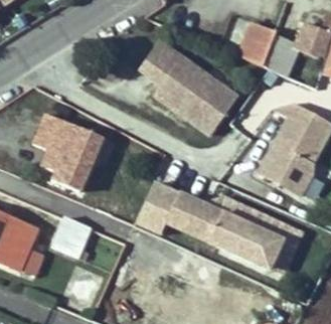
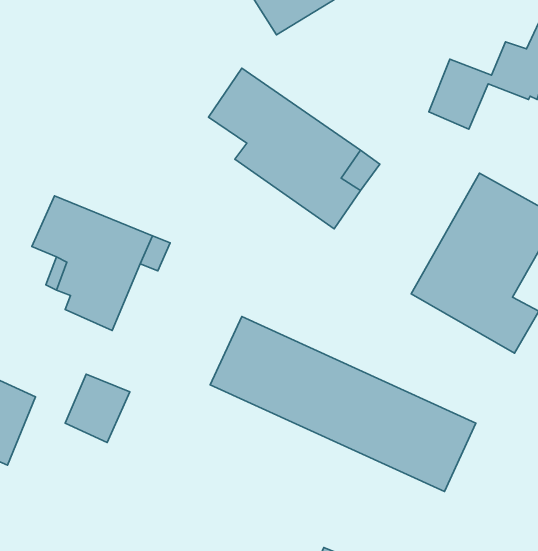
building: [231,20,277,64] -> none

